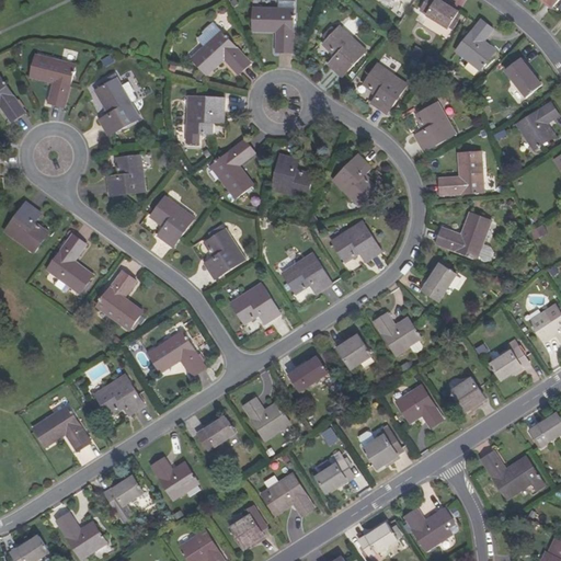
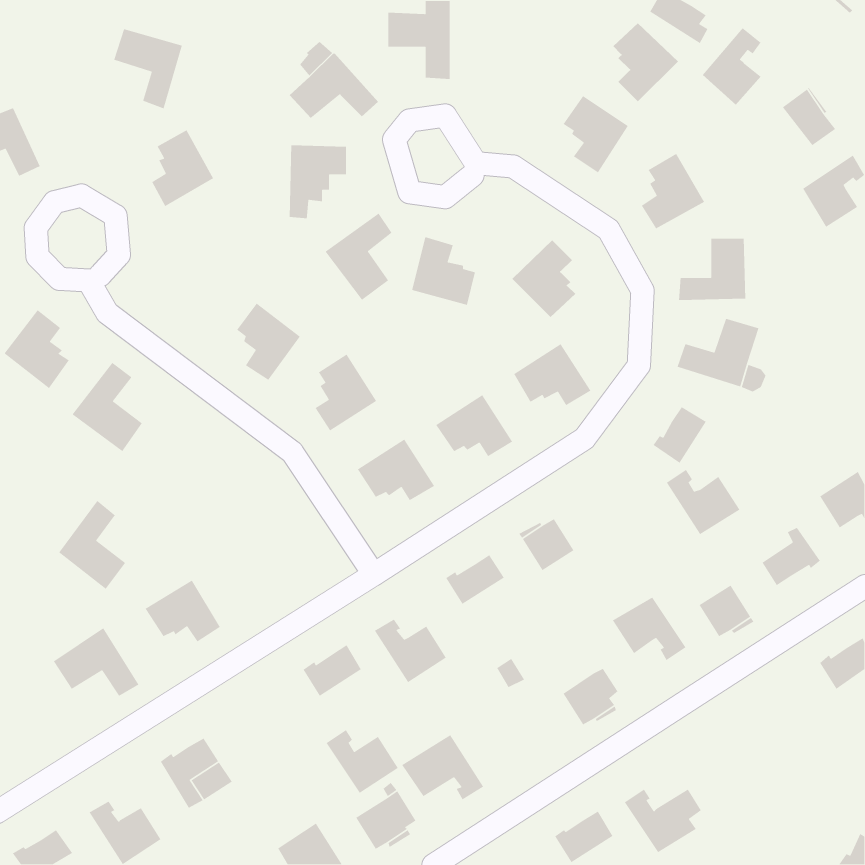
building: [324,24,367,76] -> [612,22,679,102]
building: [31,54,76,106] -> [113,28,183,110]
building: [106,154,144,194] -> none
building: [98,268,141,327] -> [58,500,126,590]
building: [373,312,421,355] -> [666,469,740,535]
building: [147,331,204,376] -> none
building: [481,450,538,497] -> none
building: [148,457,195,499] -> [326,729,399,794]
building: [311,458,355,493] -> none

